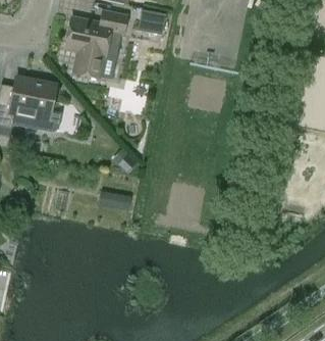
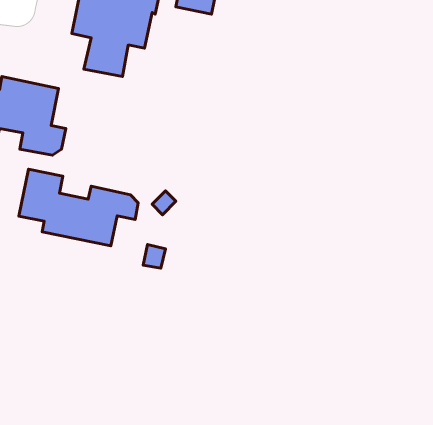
building: none -> [19,169,138,246]

